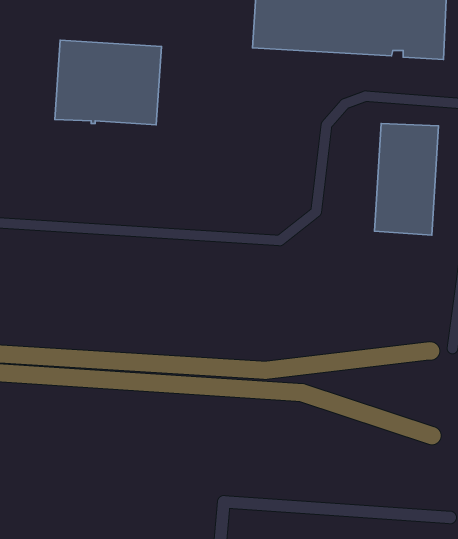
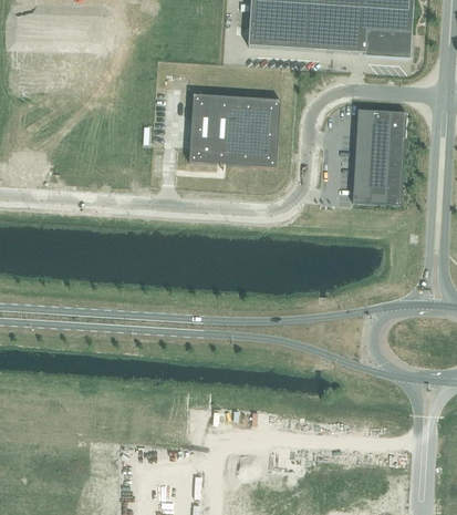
building: [55,40,161,125] -> [189,94,280,166]

